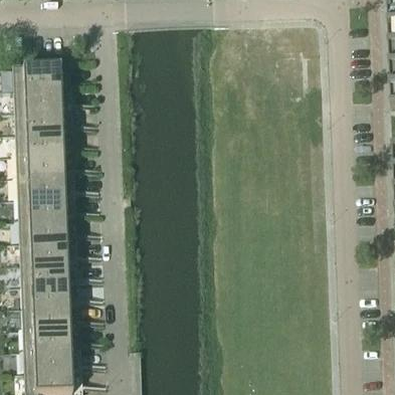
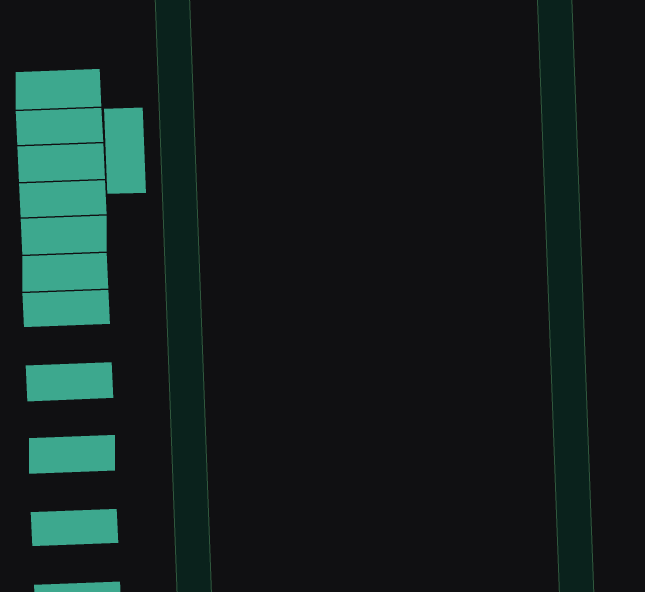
building: none -> [103,107,147,195]
building: [18,210,71,234] -> none
building: [20,254,73,277] -> none
building: [21,298,74,322] -> none
building: [23,341,76,365] -> none

